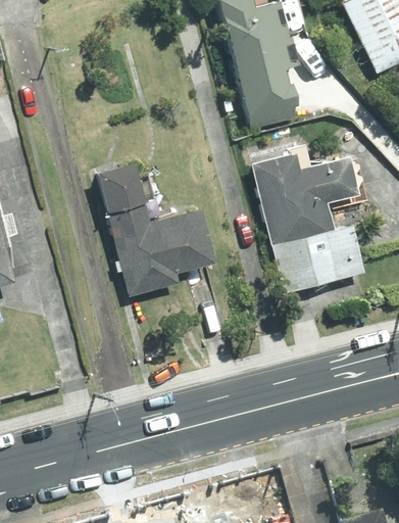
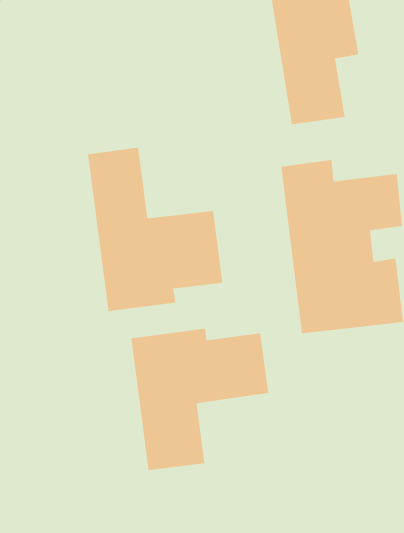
building: none -> [131,328,269,471]

